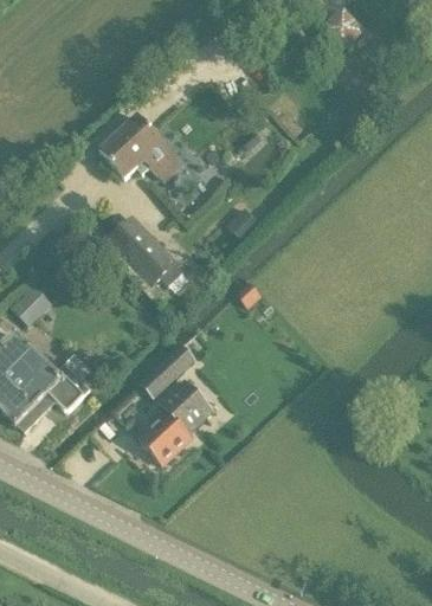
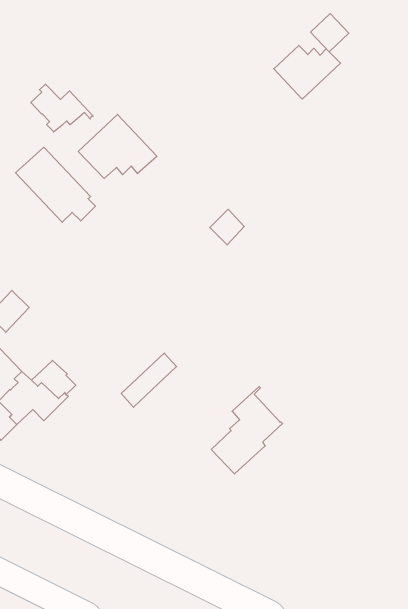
building: none -> [274,45,341,99]
building: none -> [31,84,93,132]
building: [105,213,182,285] -> [16,147,95,222]
building: [138,379,207,463] -> [211,387,283,474]

